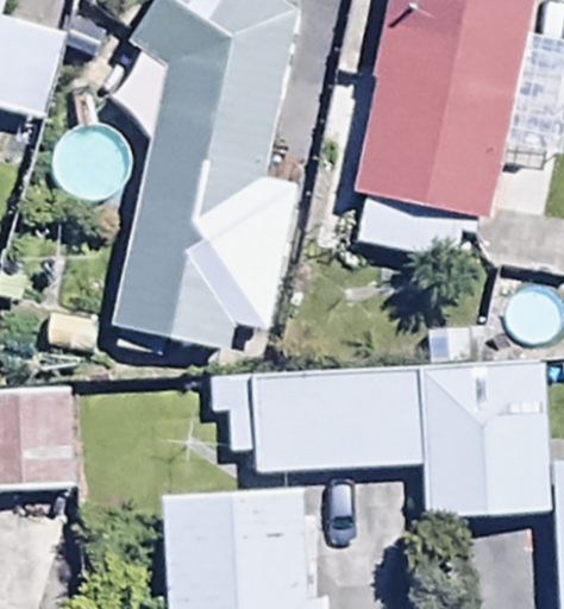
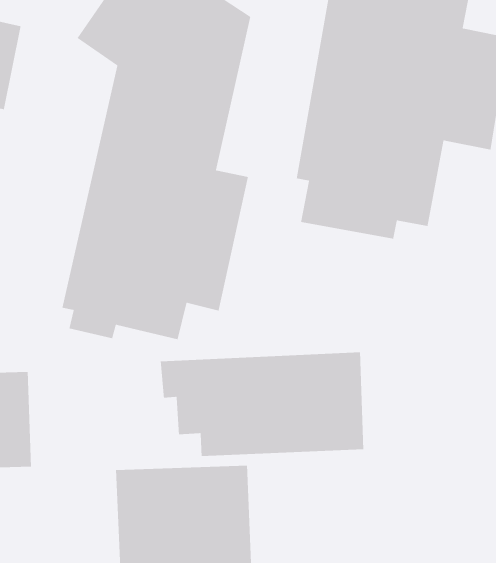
building: [420,362,550,516] -> none

